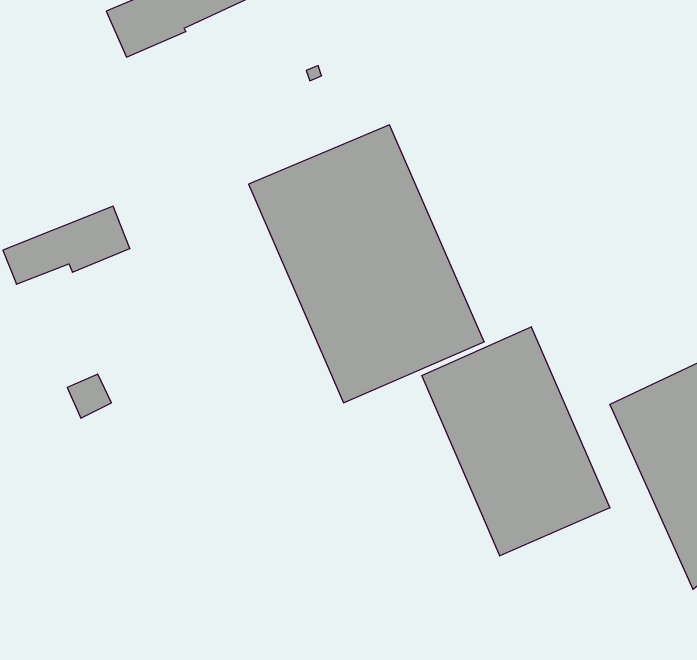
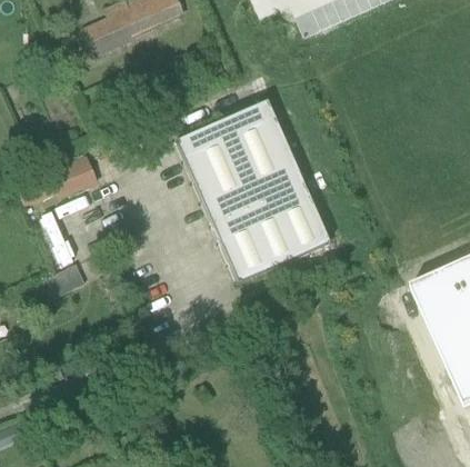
building: [422,327,610,556] -> none

